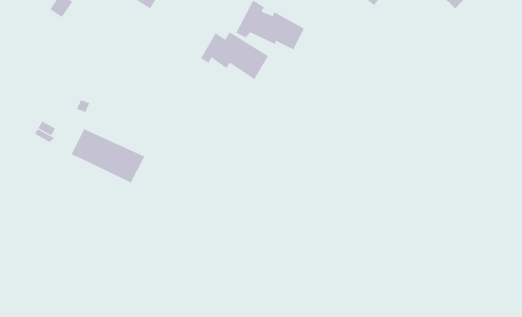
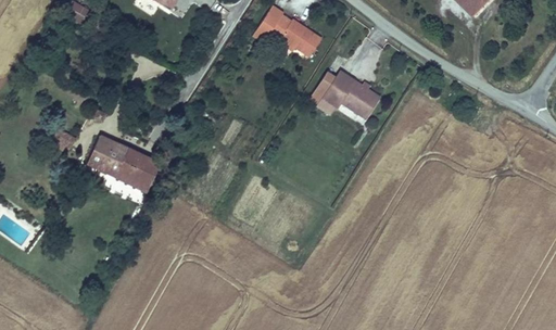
building: [200,31,269,80] -> [313,68,382,117]

